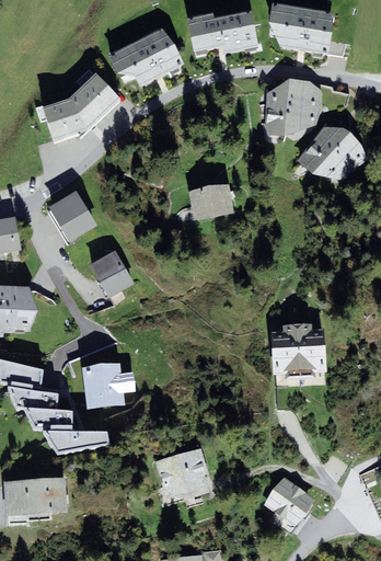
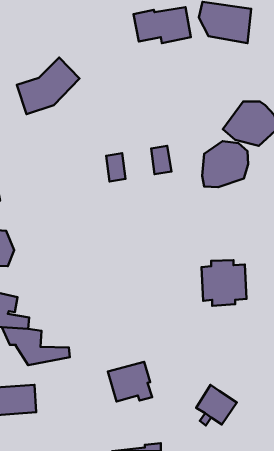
building: [107,27,183,85] -> none
building: [264,78,321,135] -> [202,141,248,187]
building: [188,184,212,219] -> [106,153,126,181]
building: [47,190,96,241] -> none
building: [88,249,135,298] -> none
building: [82,363,122,410] -> none

